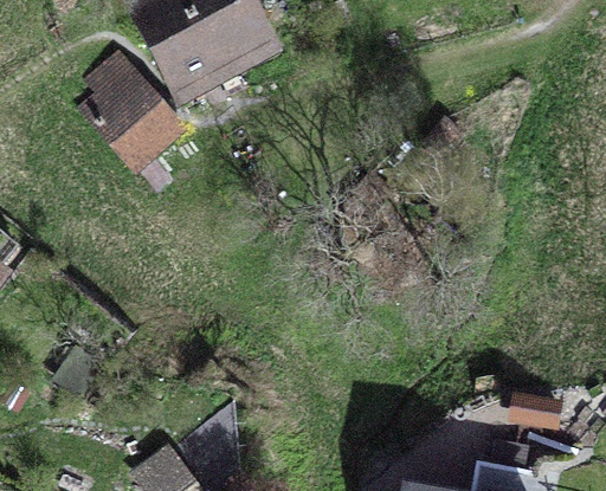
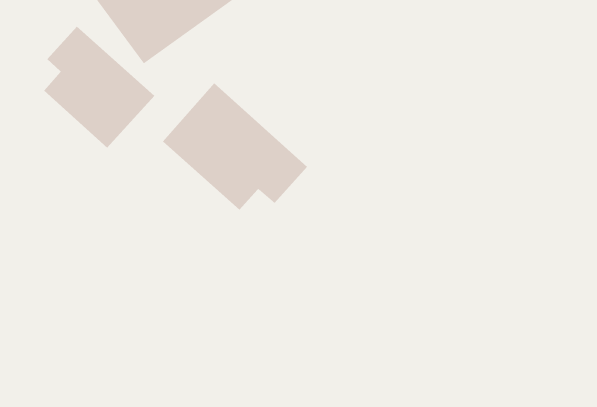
building: none -> [162,82,308,210]

